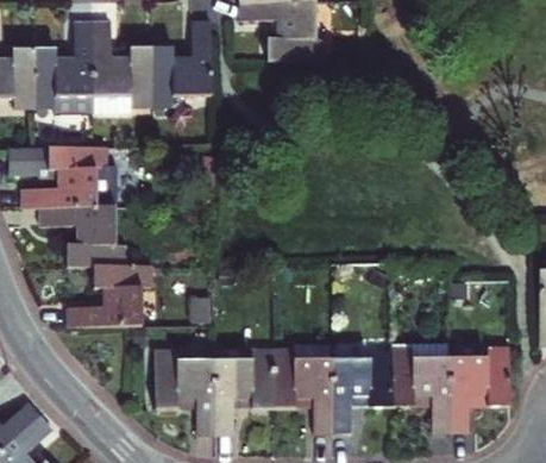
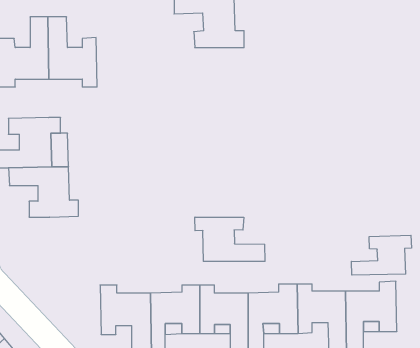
building: [150,24,213,110] -> none
building: [68,265,153,329] -> none
building: none -> [195,217,265,261]
building: none -> [351,235,411,275]

